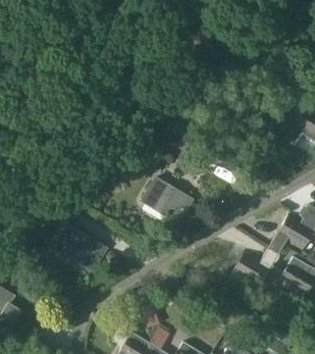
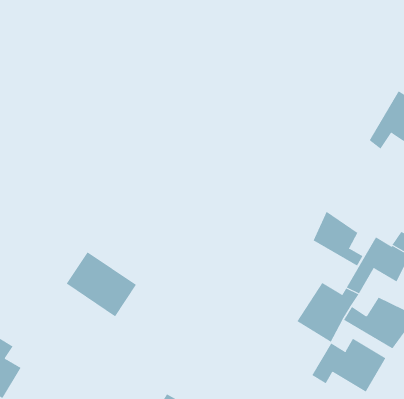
building: [149,182,193,224] -> none
building: none -> [313,211,363,266]
building: none -> [312,338,386,393]

